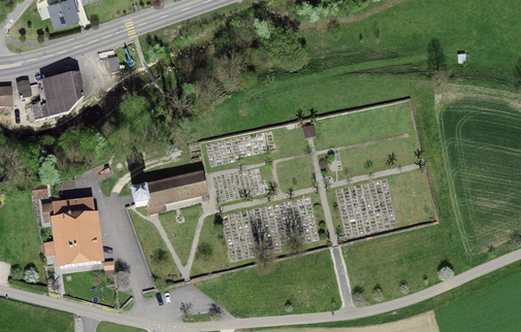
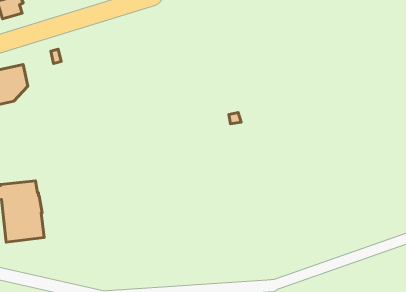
building: [133,172,207,207] -> none

